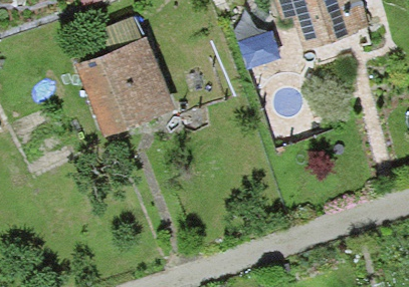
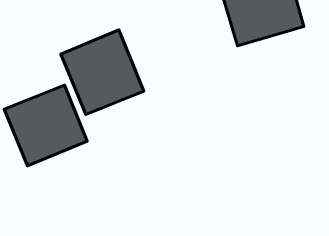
building: none -> [4,85,87,166]

